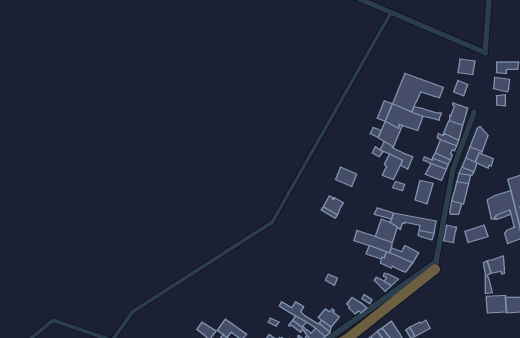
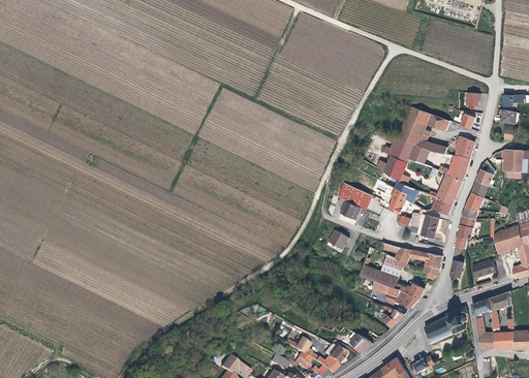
building: none -> [501,150,522,178]
building: none -> [338,183,373,211]
building: none -> [471,301,494,349]
building: none -> [424,307,467,343]

